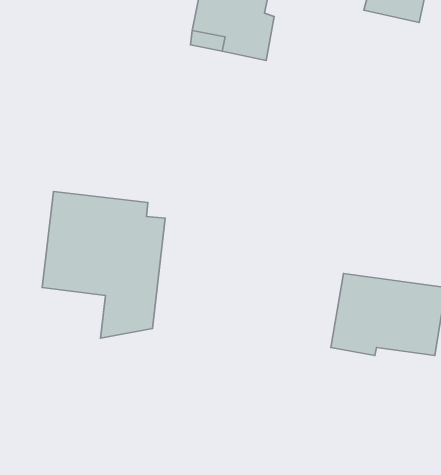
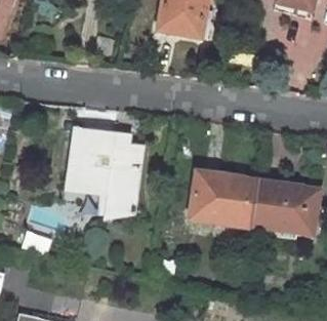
building: none -> [187,171,255,228]

